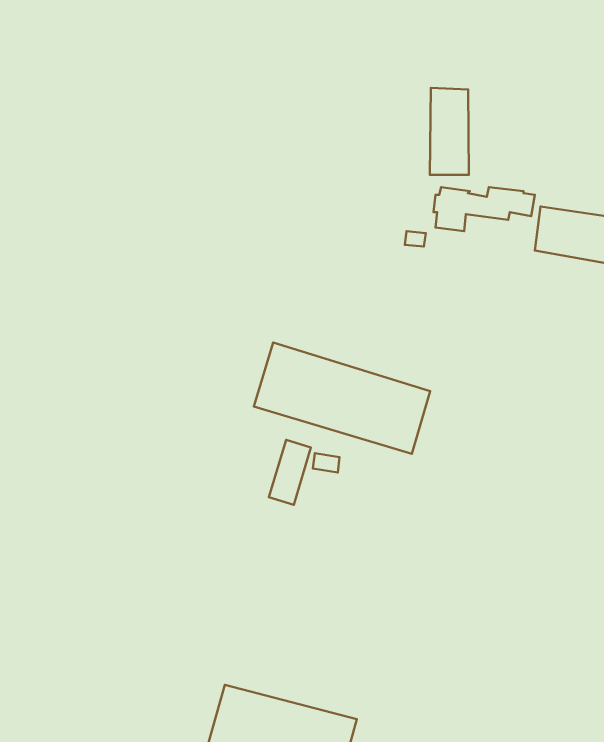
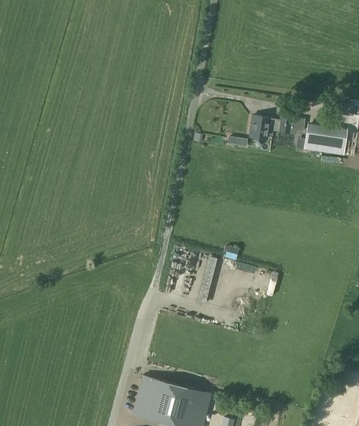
building: [430,88,469,175] -> none
building: [254,343,430,454] -> none

